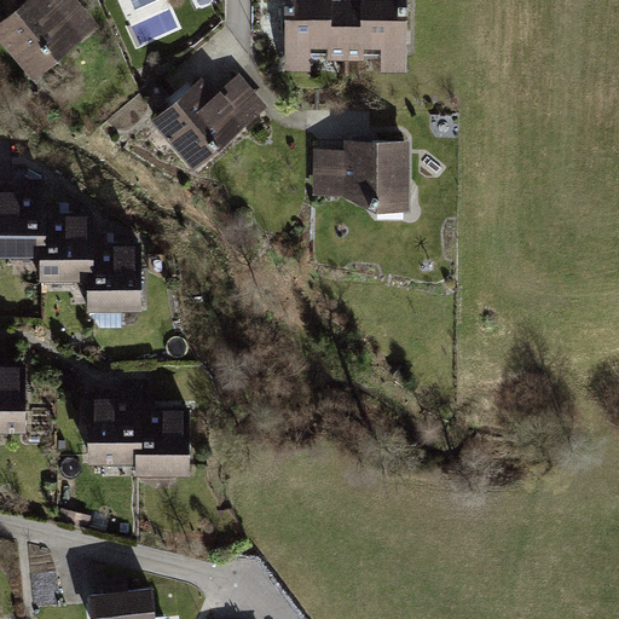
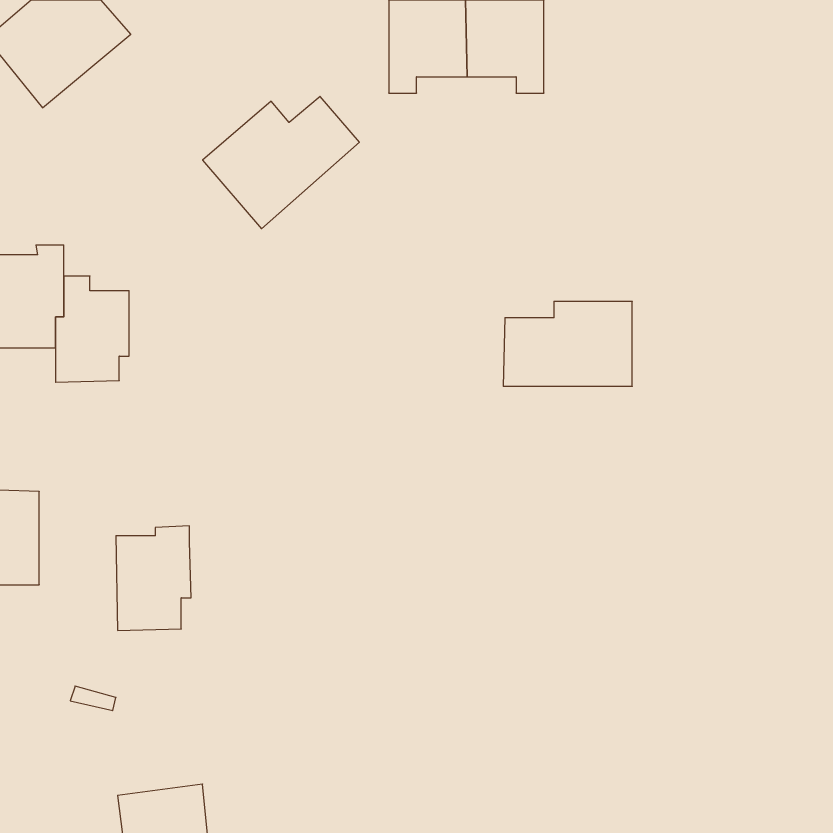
building: [308,138,404,201] -> [503,301,632,386]
building: [88,236,144,313] -> none
building: [134,401,190,480] -> none

